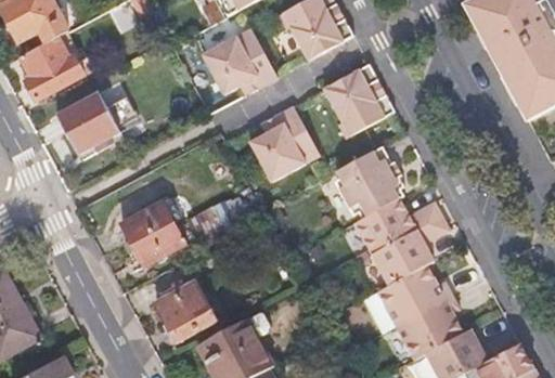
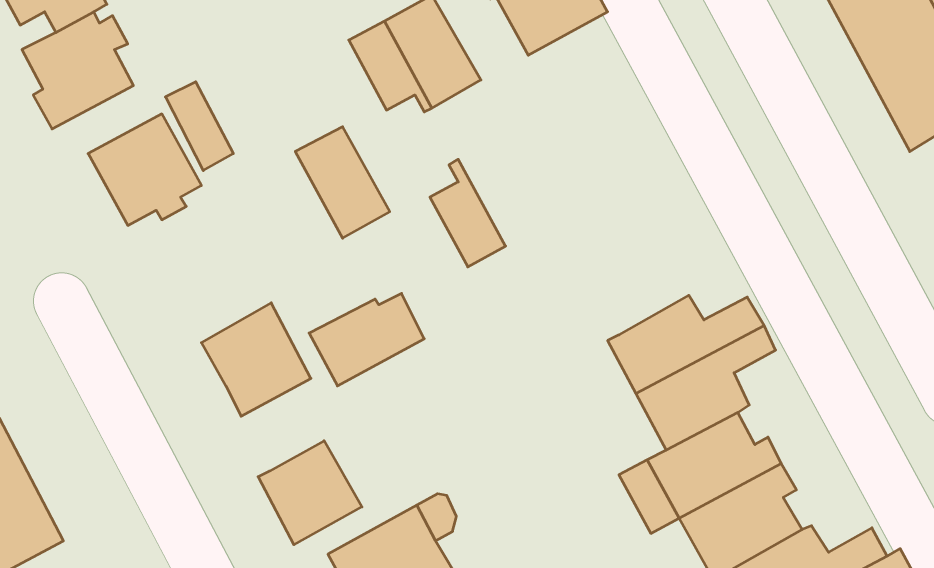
building: [325,65,396,139] -> none
building: [268,106,322,170] -> [295,127,390,238]
building: [333,146,404,221] -> none

